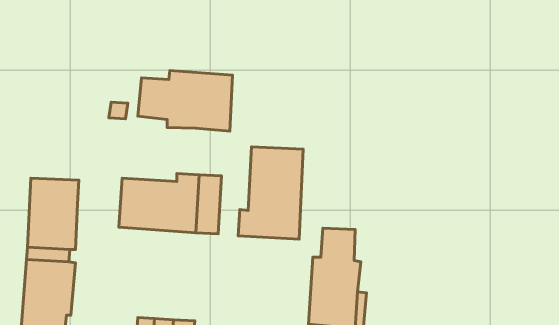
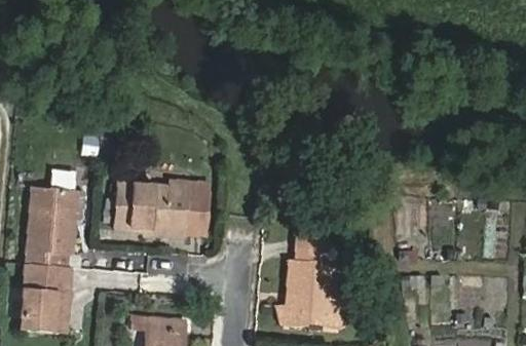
building: [138,70,233,131] -> none
building: [238,147,303,239] -> none

